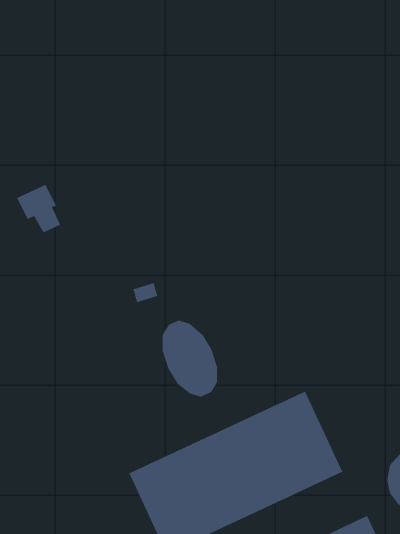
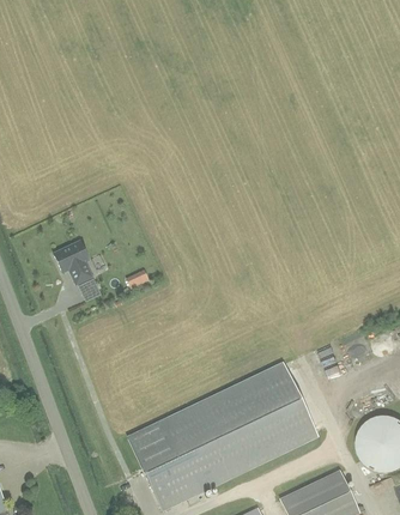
building: [16,184,61,233] -> [48,243,87,286]
building: [162,320,218,397] -> none

